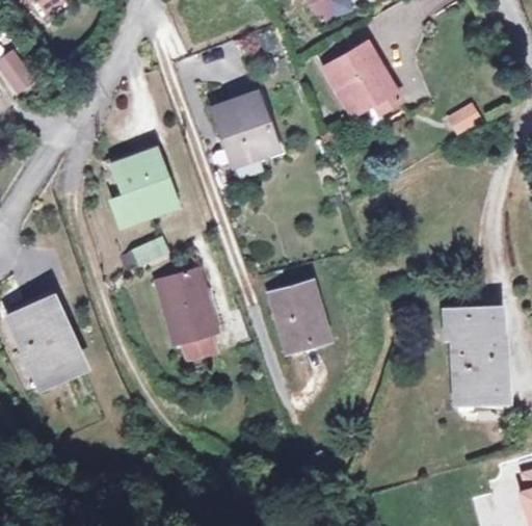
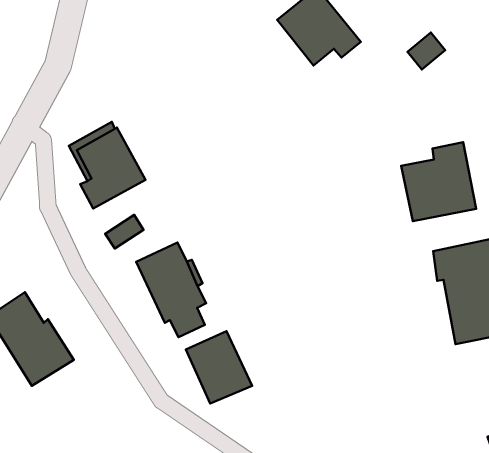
building: [211,93,277,166] -> none
building: none -> [401,142,476,221]
building: [270,282,329,349] -> [186,331,252,403]

